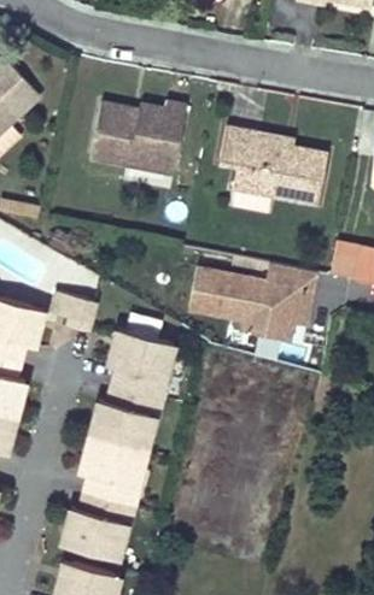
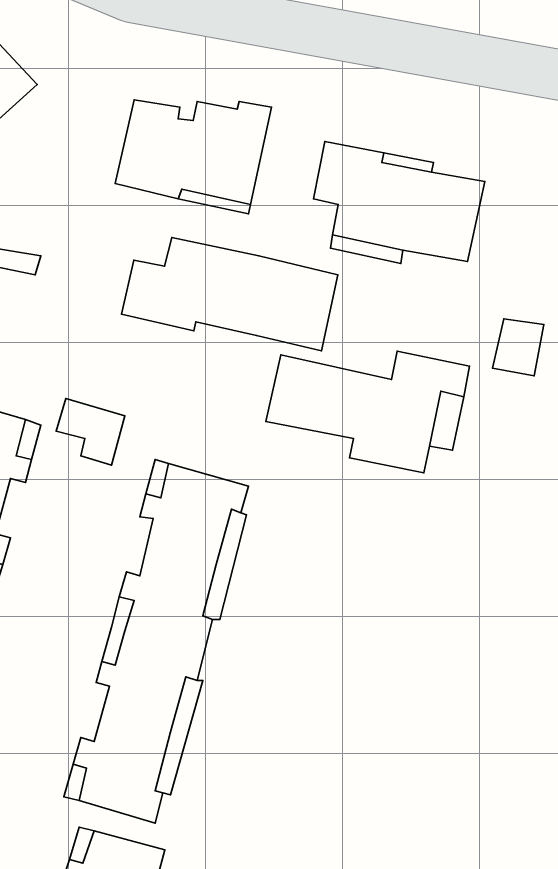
building: none -> [121,238,338,351]

